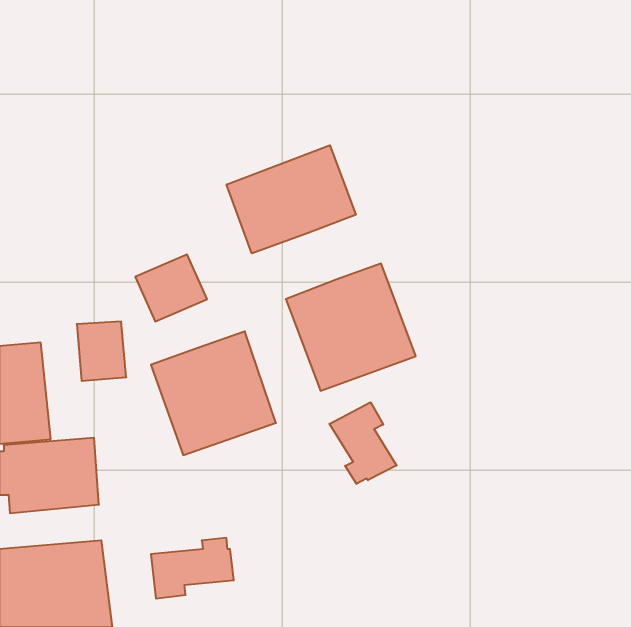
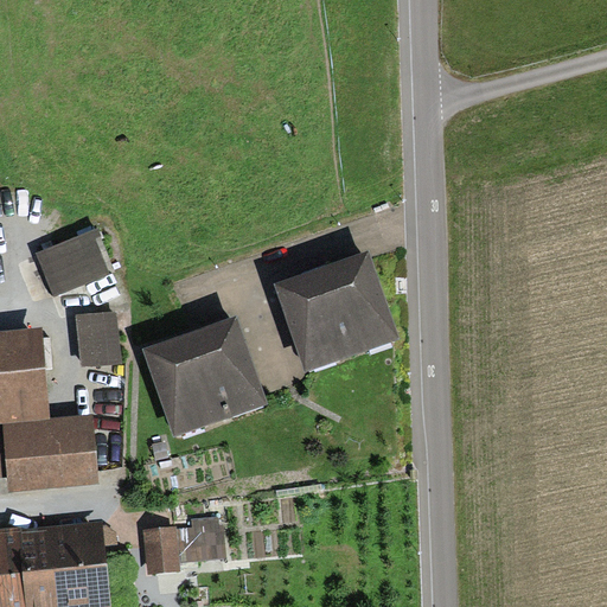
building: [227,145,356,253] -> none
building: [135,255,207,321] -> [36,230,104,294]
building: [329,402,397,484] -> none

